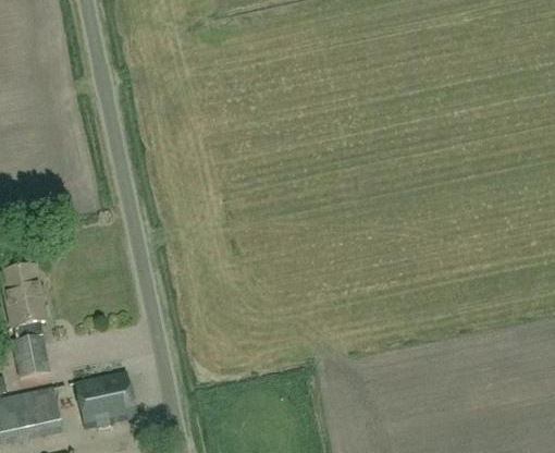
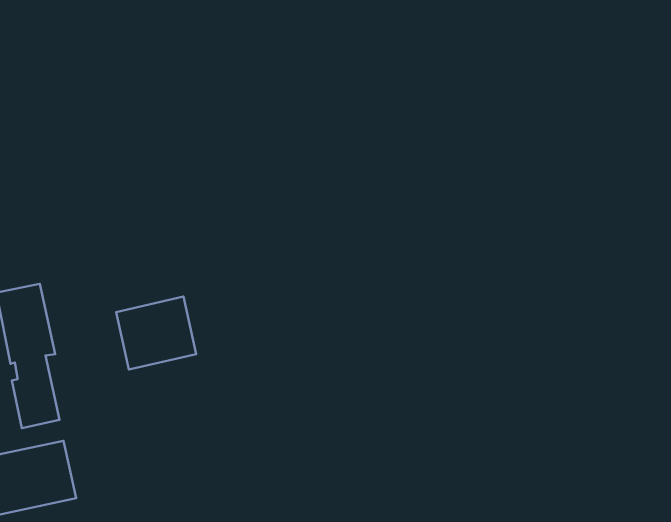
building: [74,370,136,427] -> [116,297,196,369]

